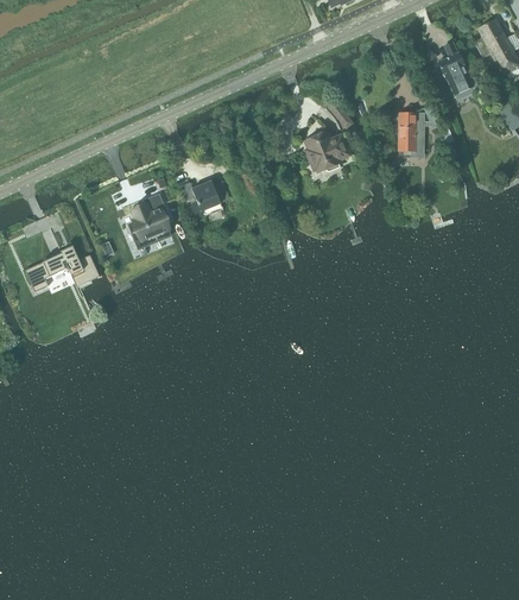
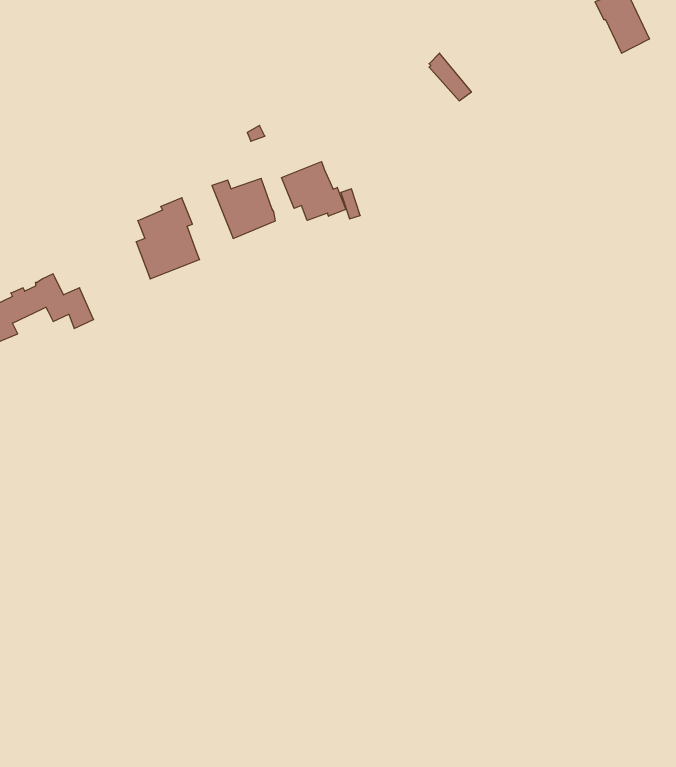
building: [398,110,436,156] -> none
building: [304,131,349,171] -> none
building: none -> [281,162,346,220]

